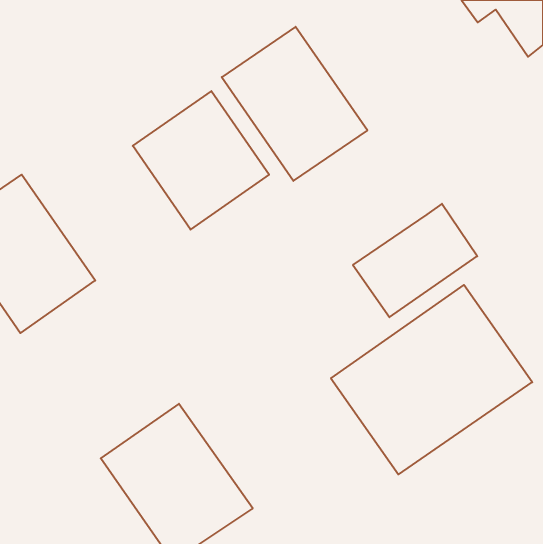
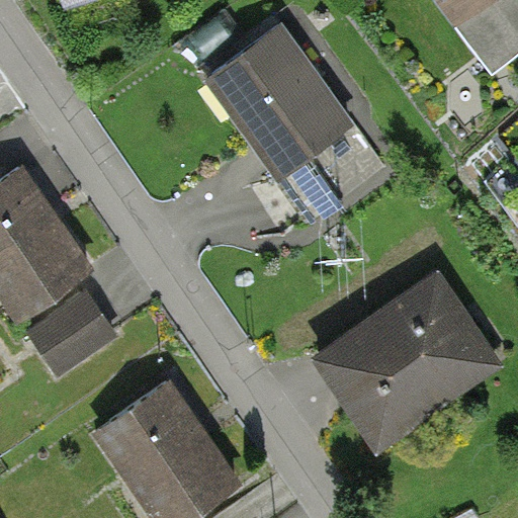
building: [133,91,269,230] -> none
building: [353,204,477,317] -> [277,116,395,224]
building: none -> [29,291,113,369]

